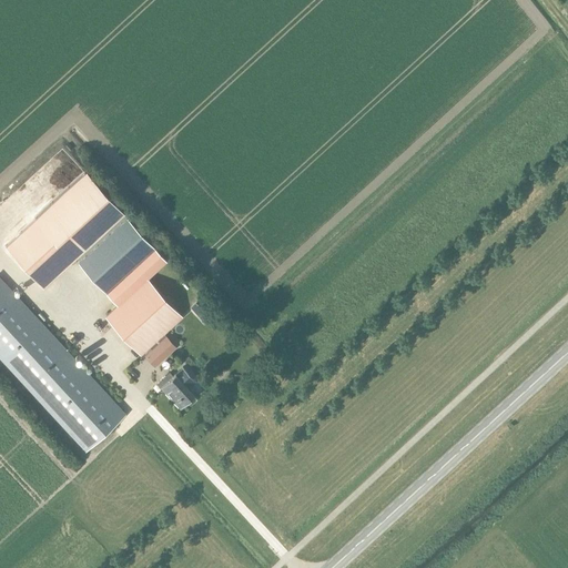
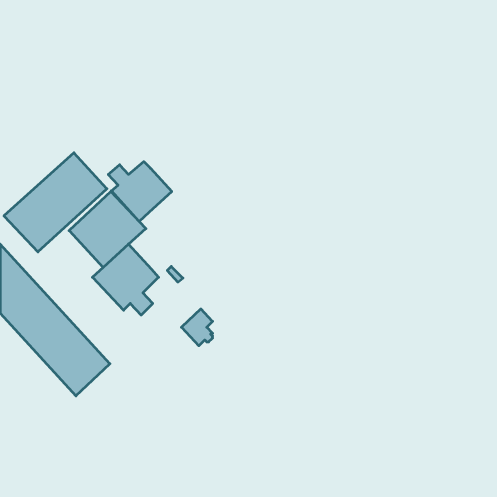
building: none -> [108,162,172,221]
building: [161,367,196,409] -> [181,309,213,346]

